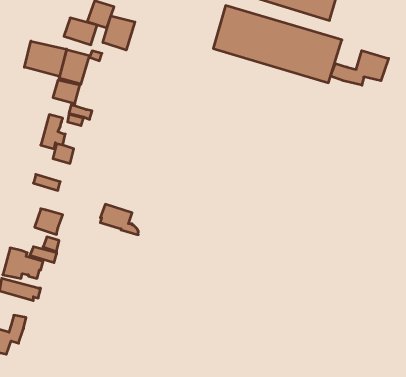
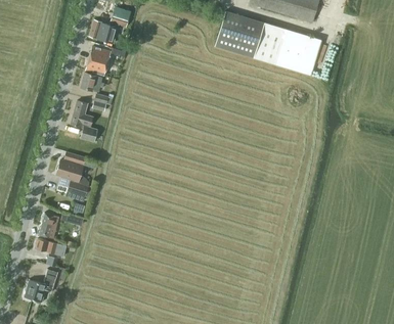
building: [103,16,135,50] -> none
building: [24,41,67,77] -> none
building: [330,51,389,85] -> none
building: [100,204,138,235] -> [56,159,88,185]

